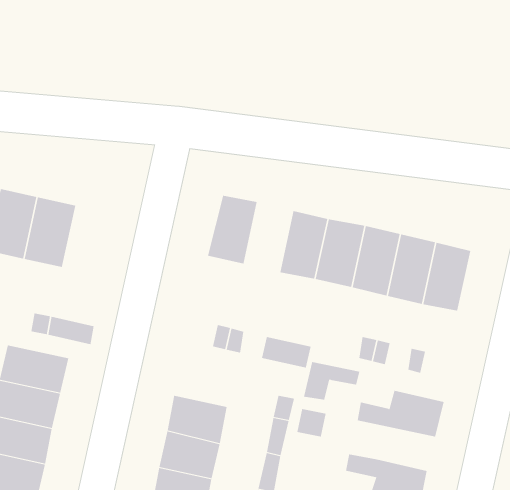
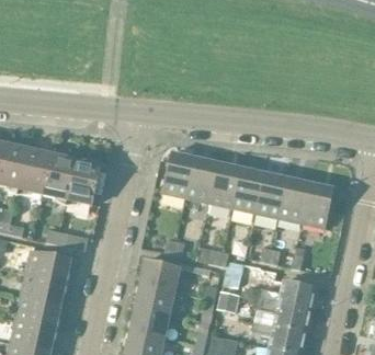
building: none -> [185,157,217,203]
building: none -> [67,159,101,205]
building: none -> [139,260,180,290]
building: none -> [257,299,310,332]

